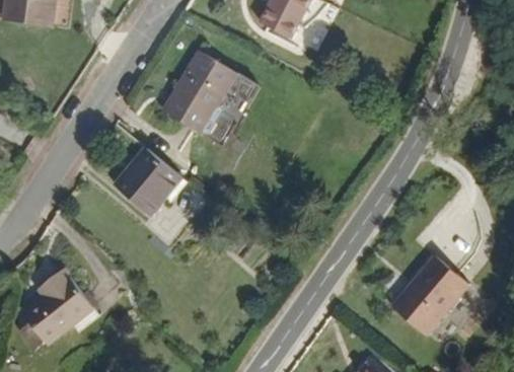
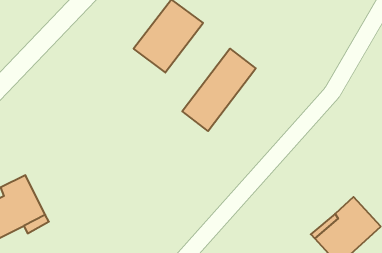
building: none -> [182,49,256,131]
building: [121,154,185,220] -> none

